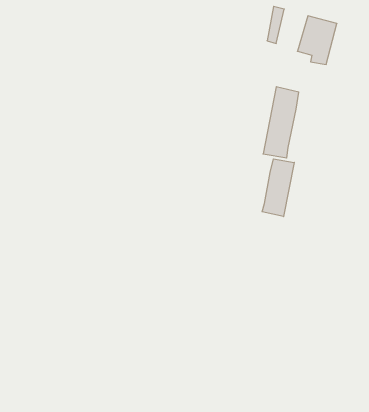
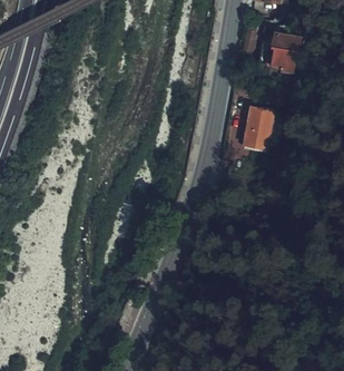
building: [262,159,294,217] -> none

